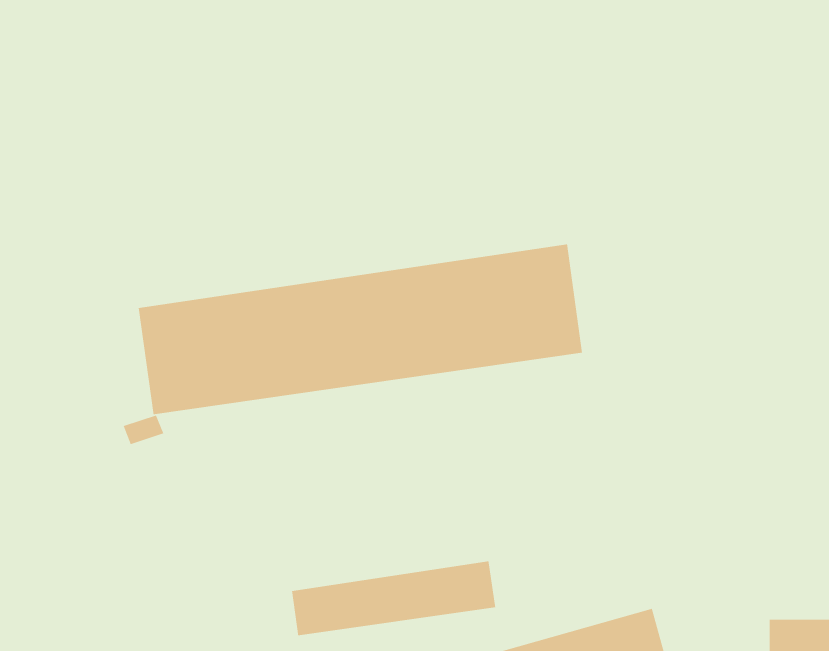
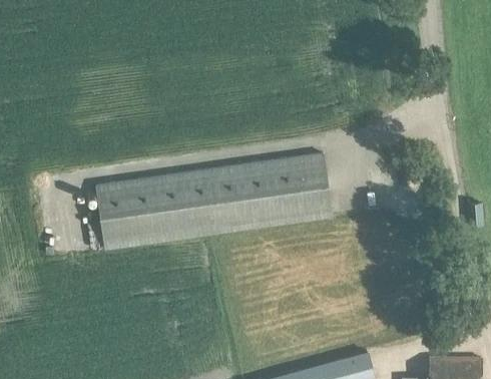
building: [291,561,496,636] -> none

